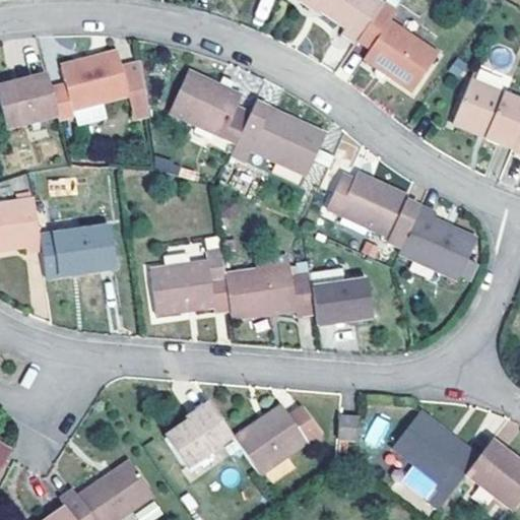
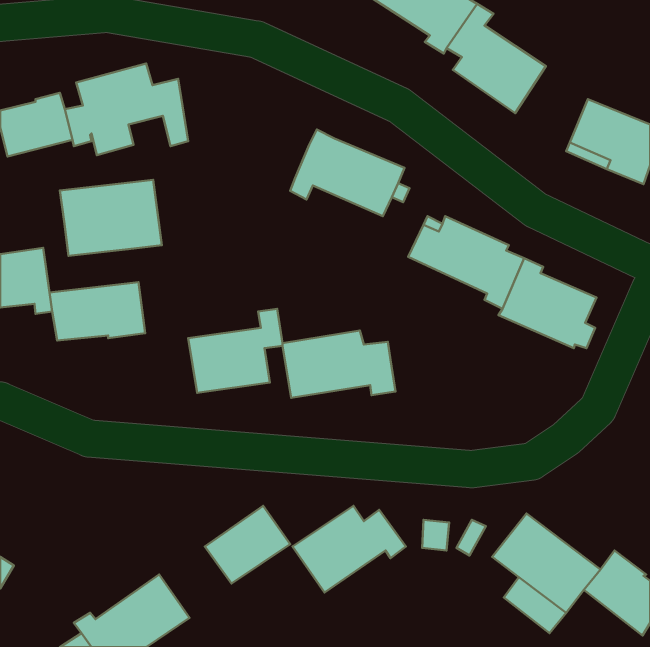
building: [170,71,247,142] -> none
building: none -> [60,180,162,256]
building: [312,279,373,325] -> none

